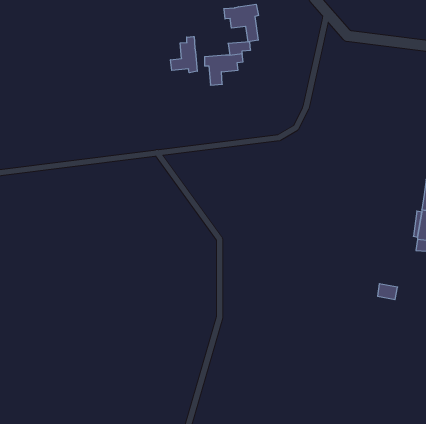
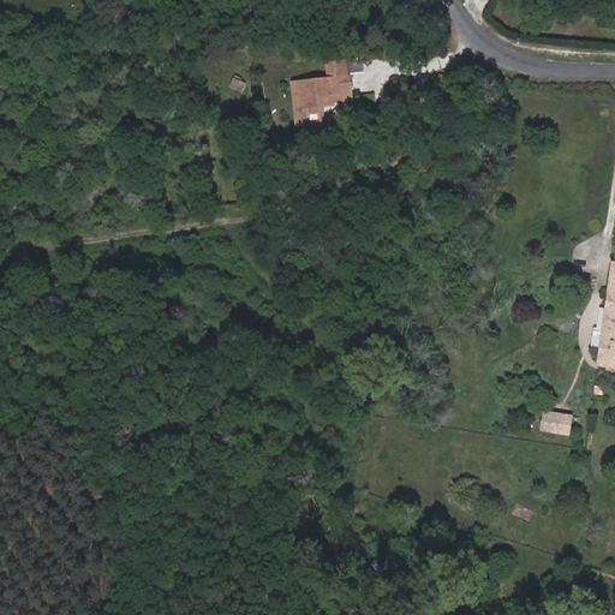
building: [224,4,258,42] -> none
building: [171,37,197,73] -> none

